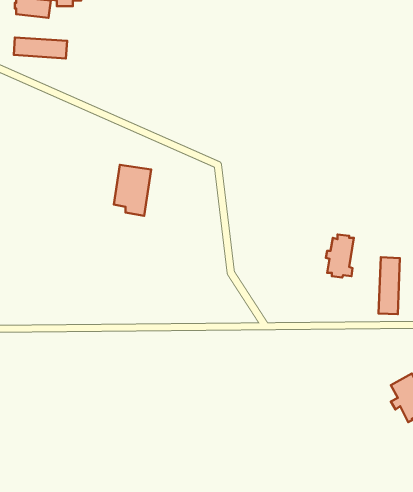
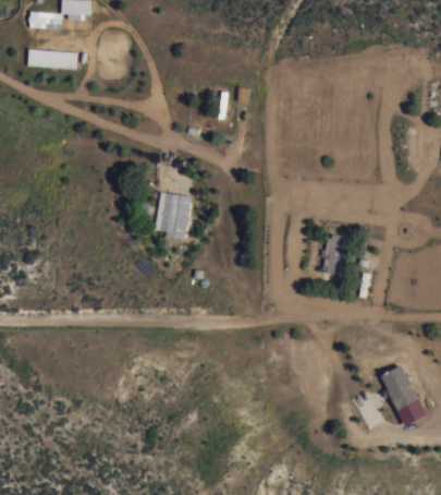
building: [114,165,151,216] -> [155,192,189,240]
building: [379,257,400,314] -> none

